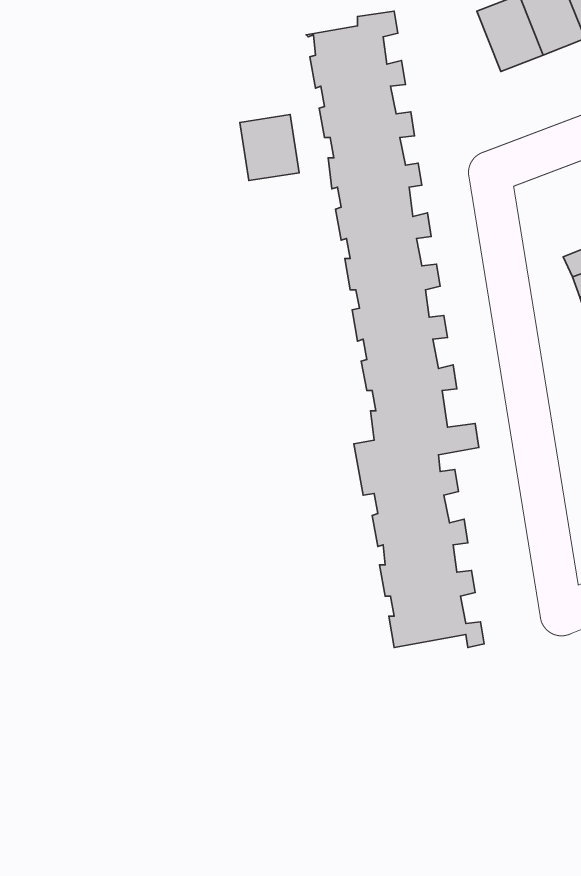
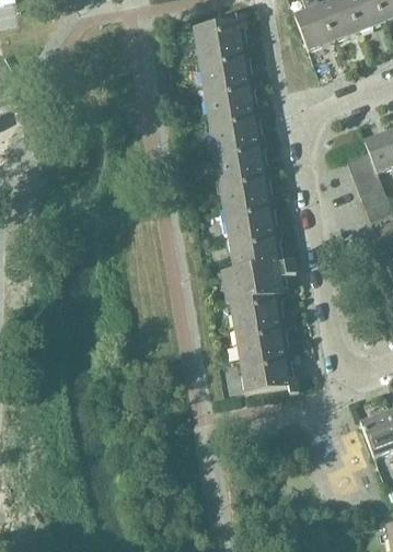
building: [240,115,299,181] -> none

